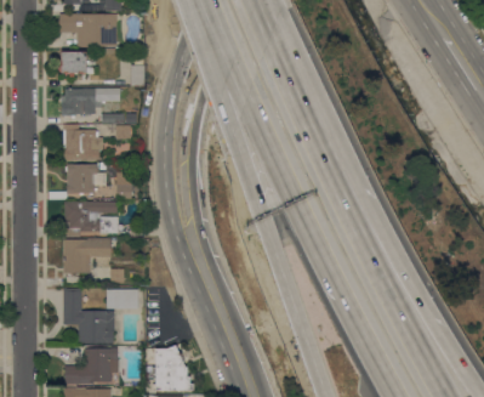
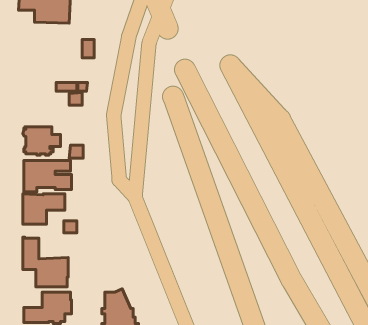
building: [61,51,85,76] -> none
building: [61,87,119,118] -> none
building: [63,124,102,159] -> none
building: [106,288,137,308] -> none

